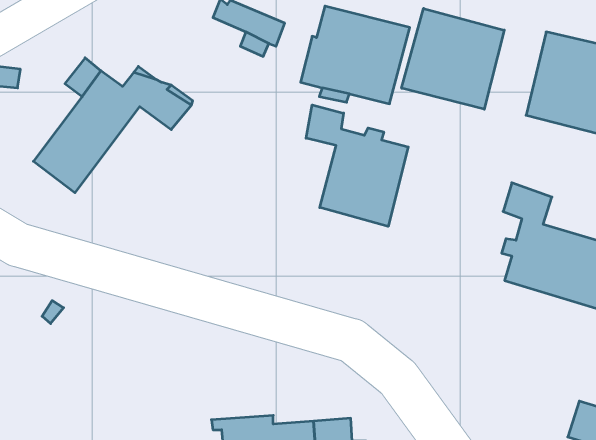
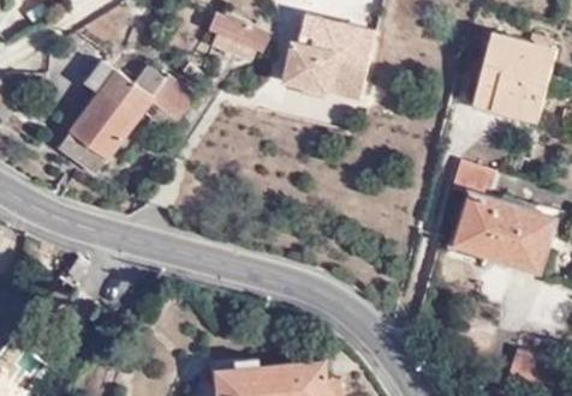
building: [402,8,504,109] -> none
building: [306,105,408,226] -> none

